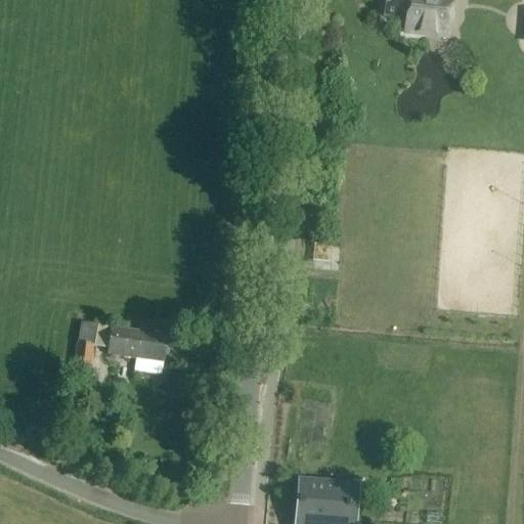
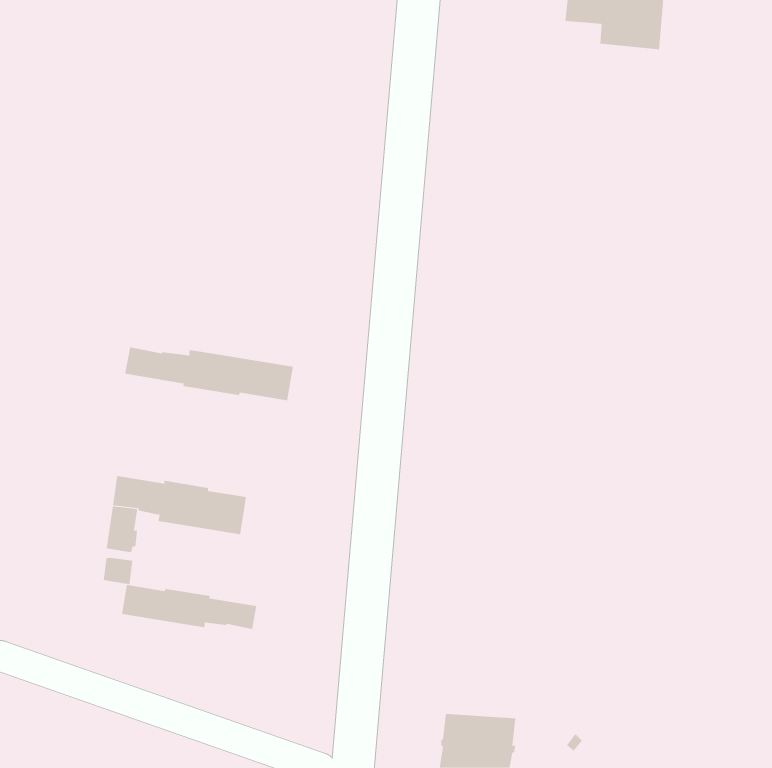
building: none -> [125,347,293,401]
building: none -> [122,584,257,630]

